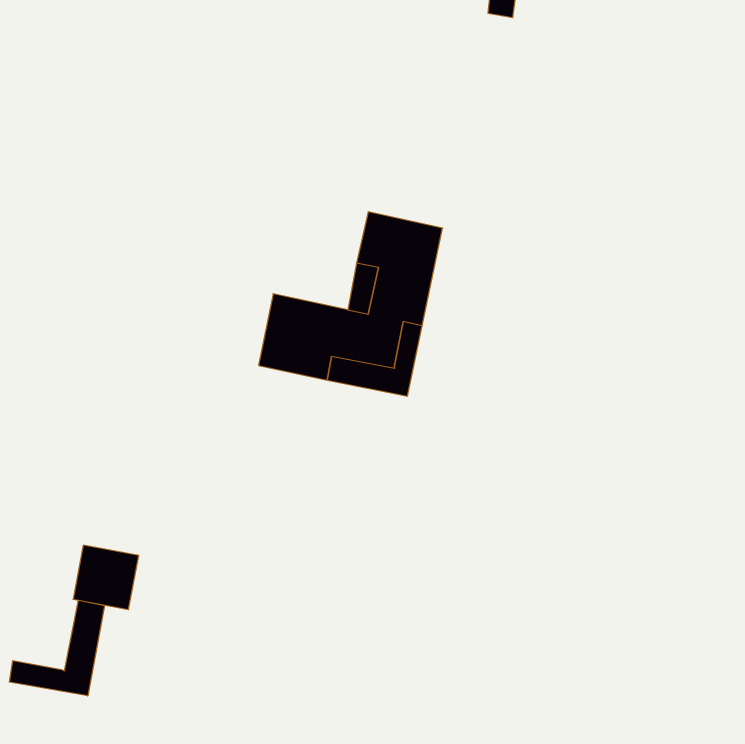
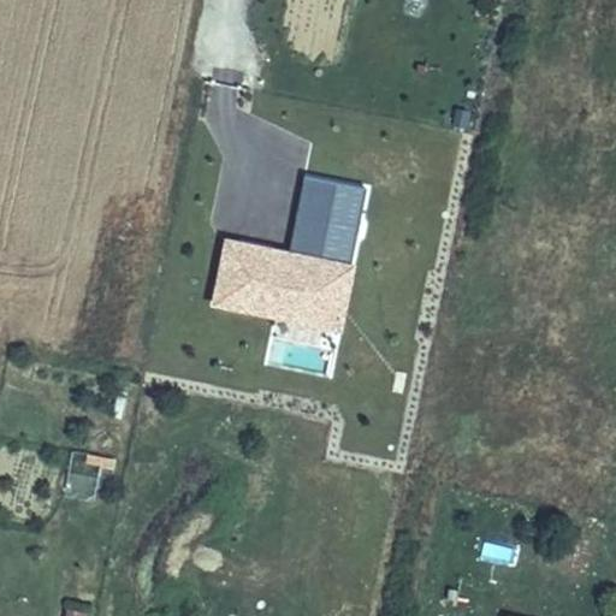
building: [9,600,104,696] -> none

